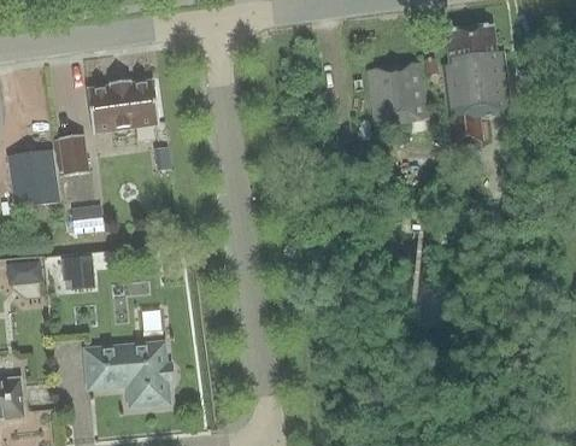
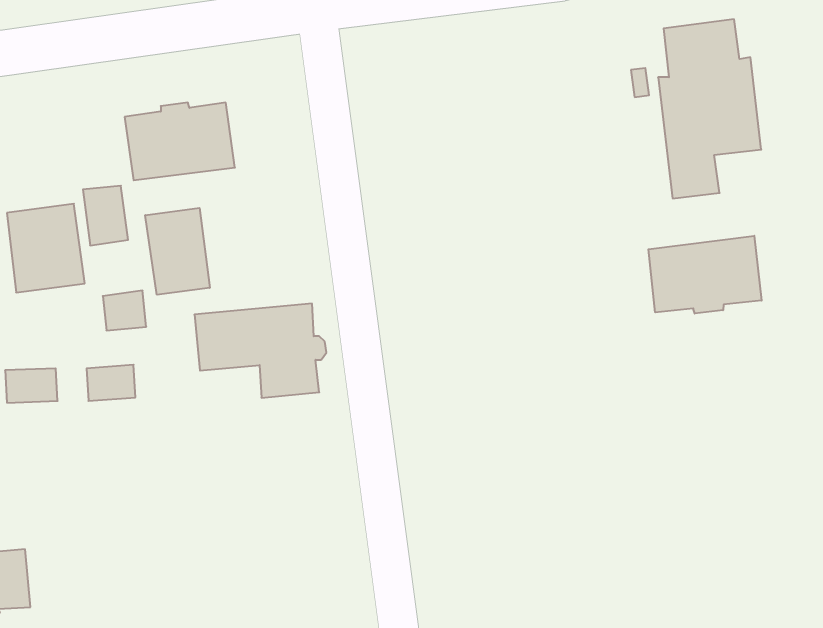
building: [366,60,428,127] -> none
building: none -> [145,208,210,295]
building: none -> [648,236,762,314]
building: [86,344,174,406] -> [194,304,326,398]

